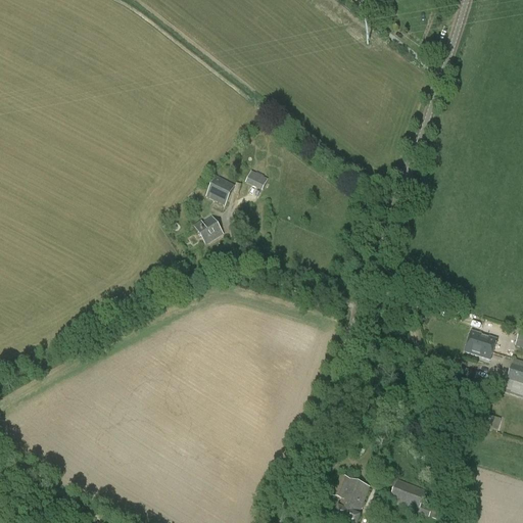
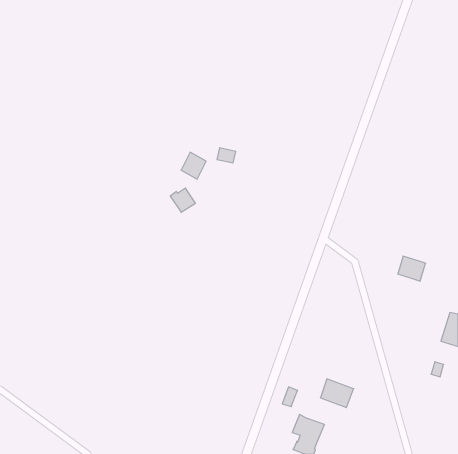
building: [465,329,496,358] -> [398,256,426,281]
building: [389,478,427,511] -> [320,379,354,408]

